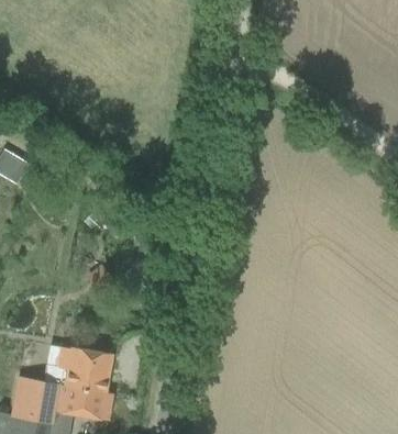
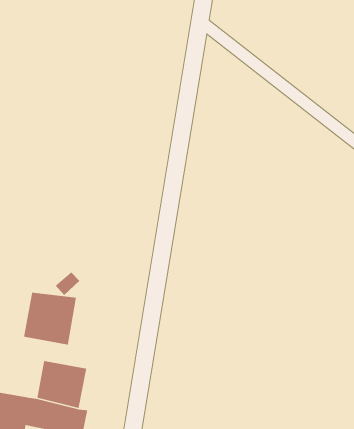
building: none -> [23,292,77,346]

